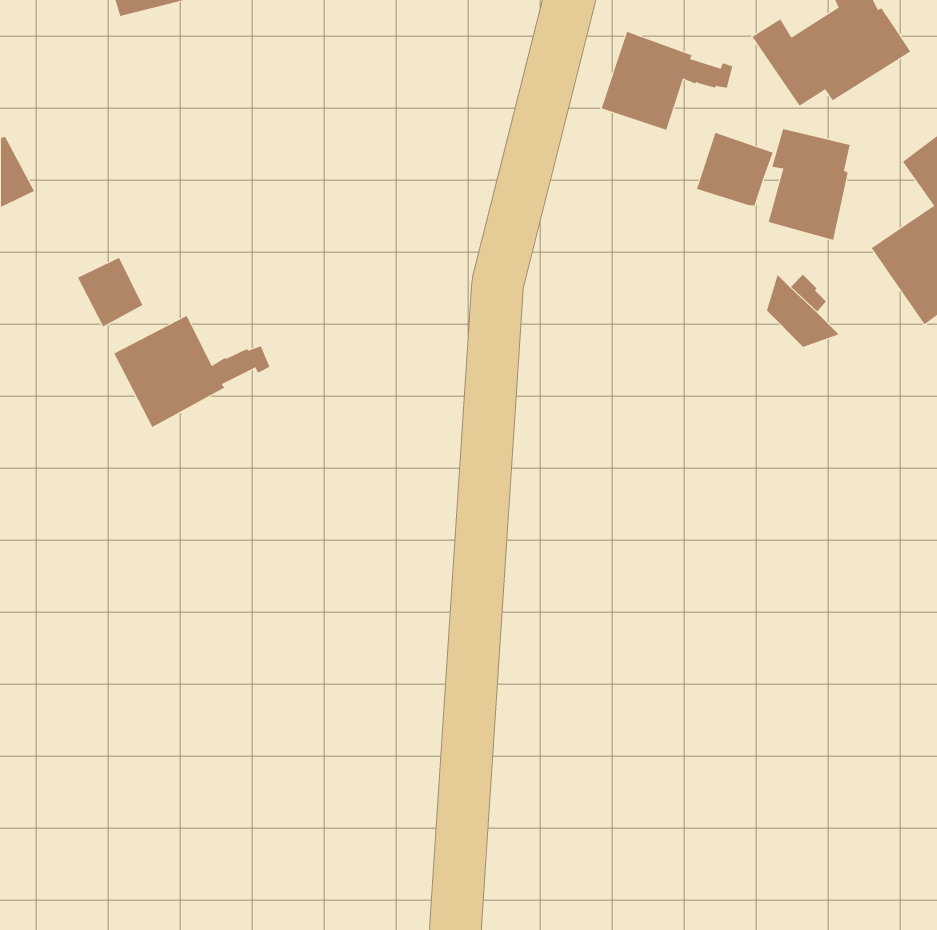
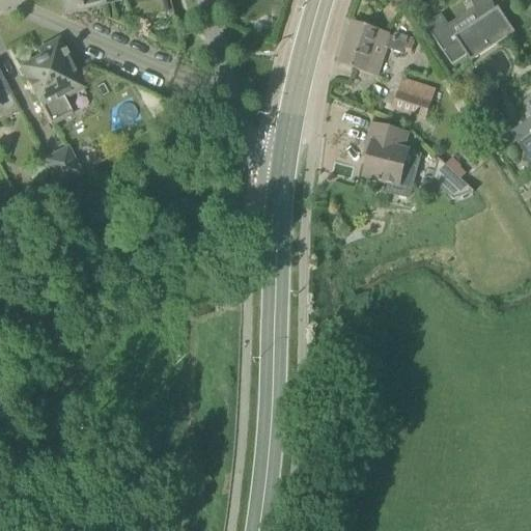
building: none -> [22,37,87,121]
building: [768,128,850,240] -> [365,121,412,185]
building: [114,315,270,428] -> none

